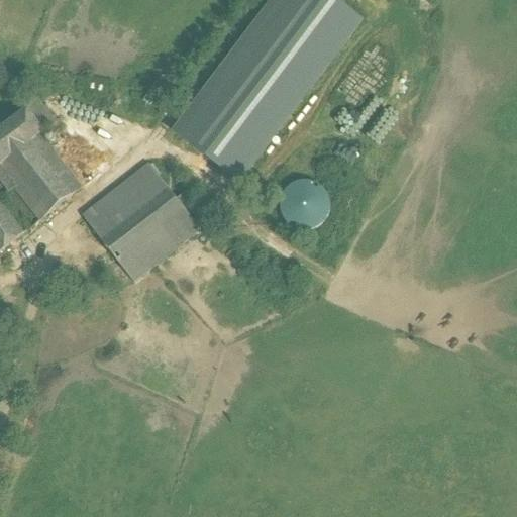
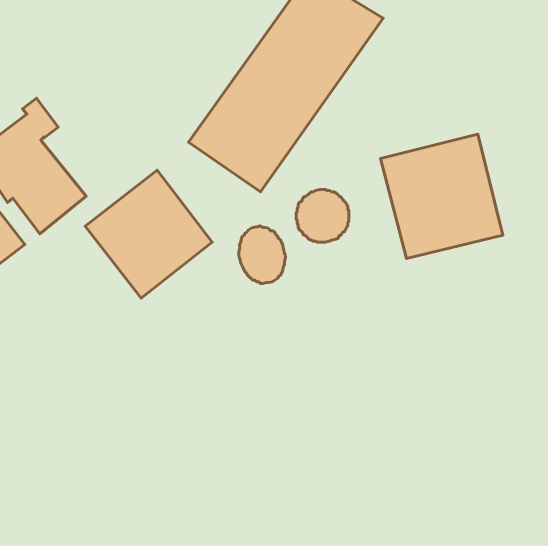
building: none -> [381,134,503,258]
building: none -> [239,226,285,283]

